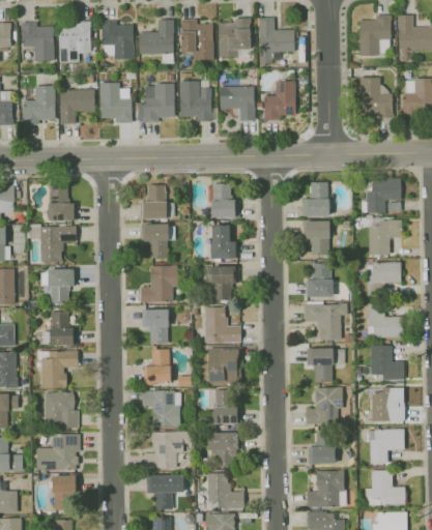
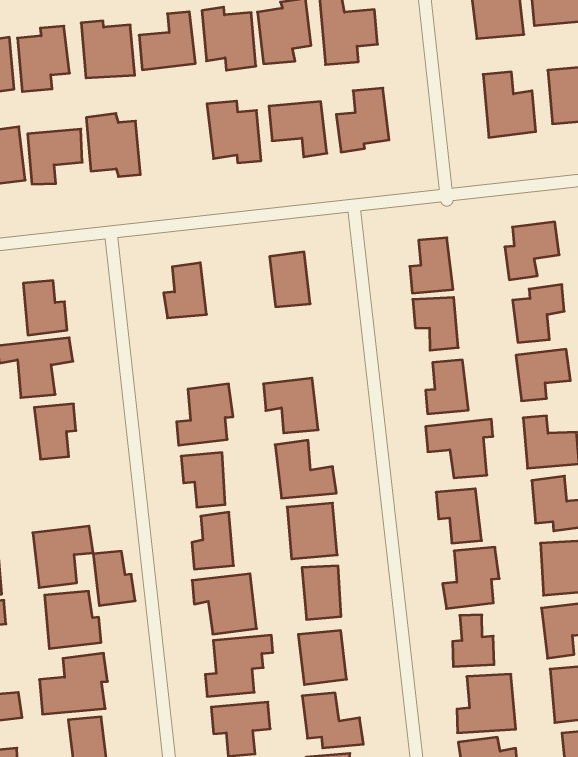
building: [137,84,175,122] -> none
building: [141,224,169,258] -> none
building: [211,225,236,259] -> none
building: [50,312,75,346] -> [93,551,135,606]

